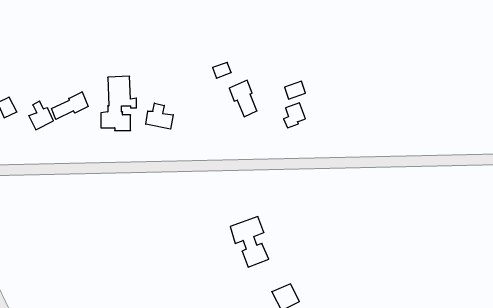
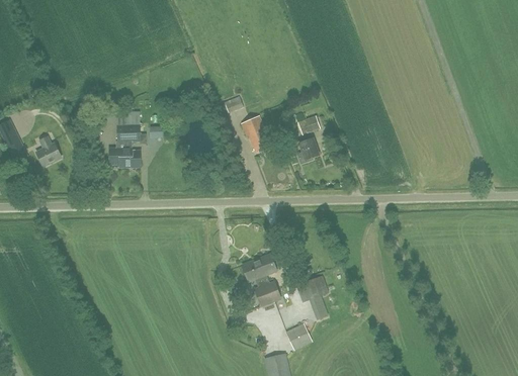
building: [52,92,88,119] -> none
building: [146,103,173,129] -> none
building: none -> [295,275,329,320]

